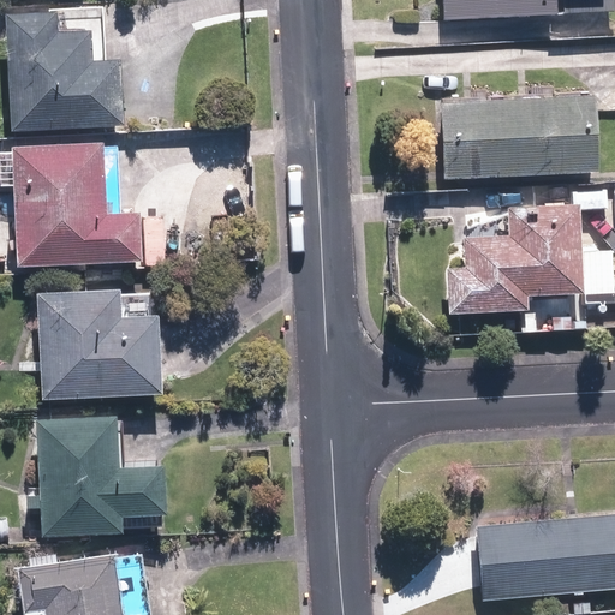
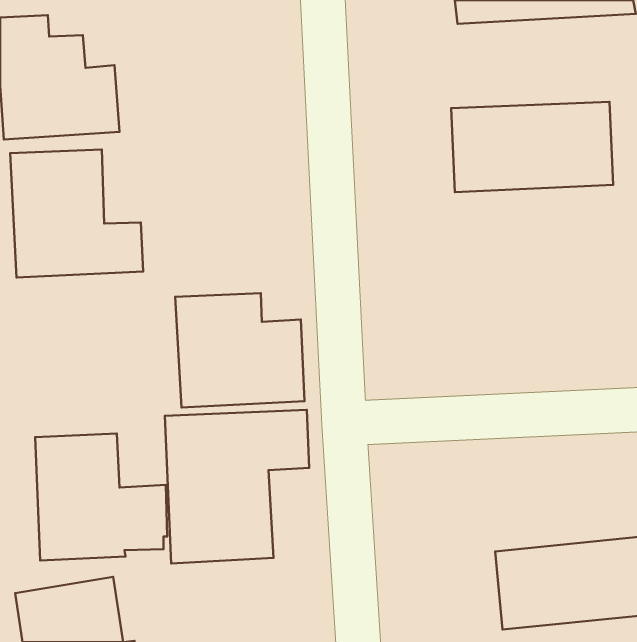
building: [450,204,584,314] -> none
building: [38,289,162,399] -> [175,293,305,407]
building: none -> [165,410,309,563]

